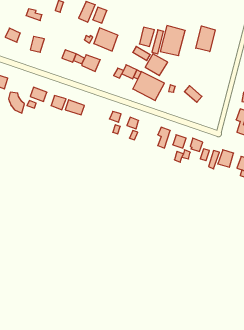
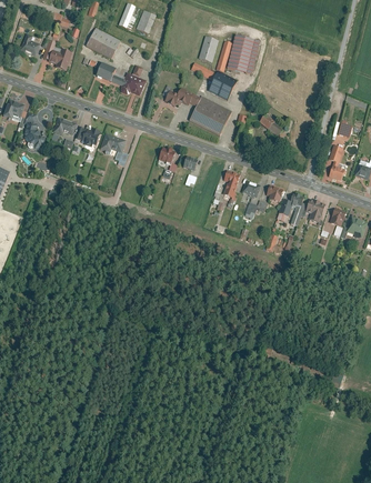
building: [196,26,215,52] -> none
building: [94,28,118,51] -> [86,28,118,59]

